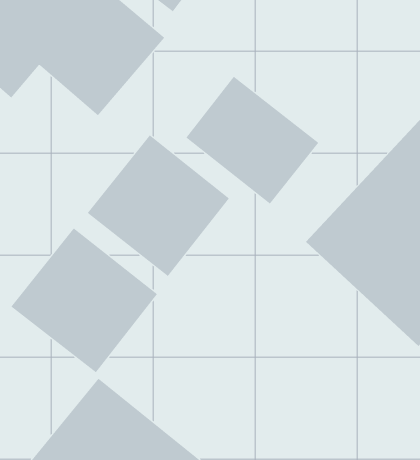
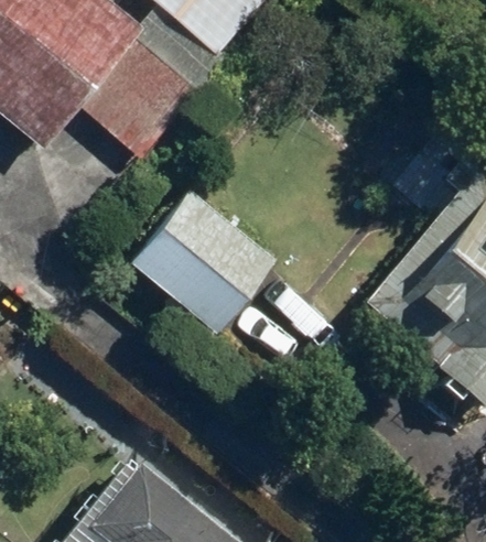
building: [185,76,319,205] -> none
building: [11,227,158,373] -> none

